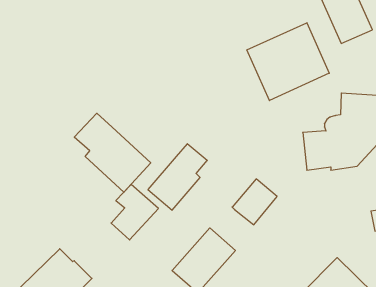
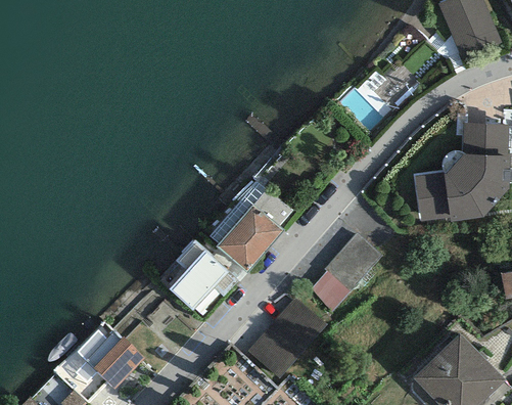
building: [247,23,329,101] -> none
building: [74,113,151,192] -> none
building: none -> [311,271,351,313]

